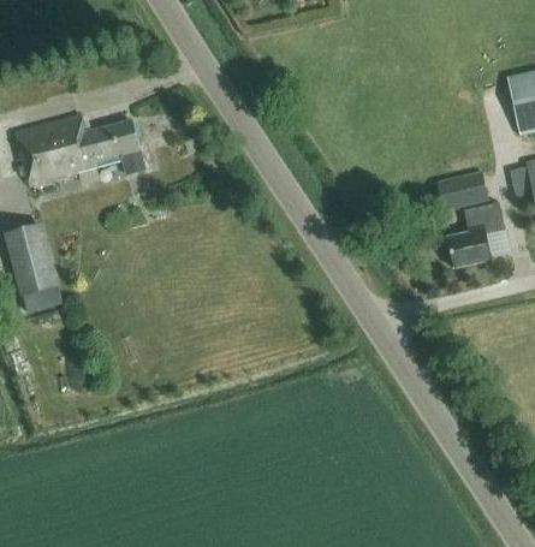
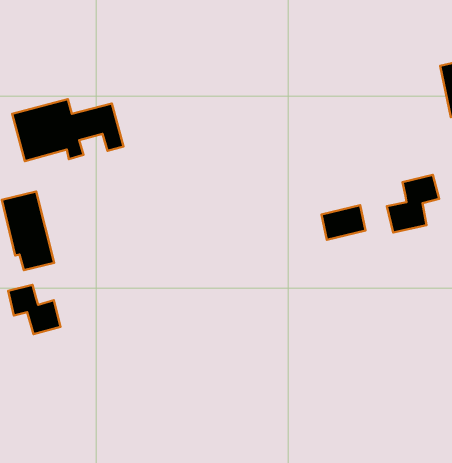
building: [438,171,488,210] -> [321,205,366,240]
building: none -> [8,285,60,334]

